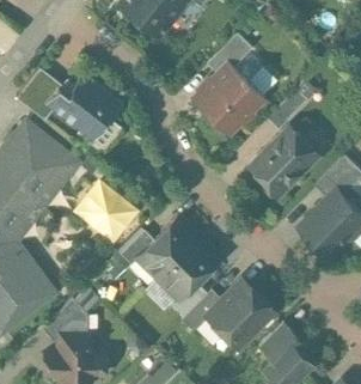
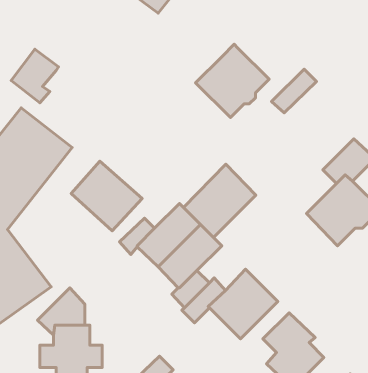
building: [206,33,251,77] -> none
building: [45,73,121,141] -> none
building: [249,127,318,197] -> [184,164,256,237]

